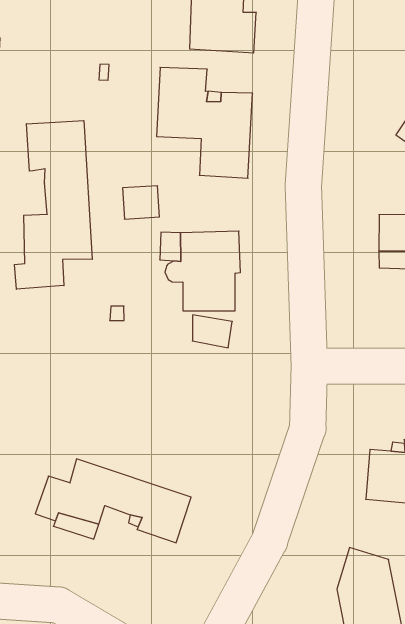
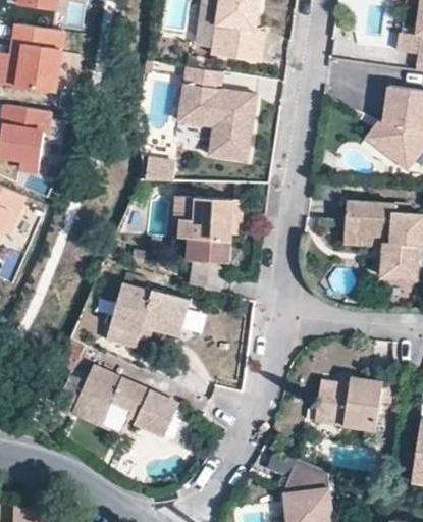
building: [14,121,92,289] -> none
building: none -> [105,283,189,349]

